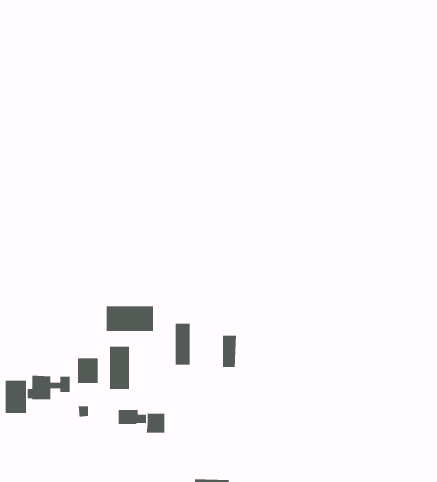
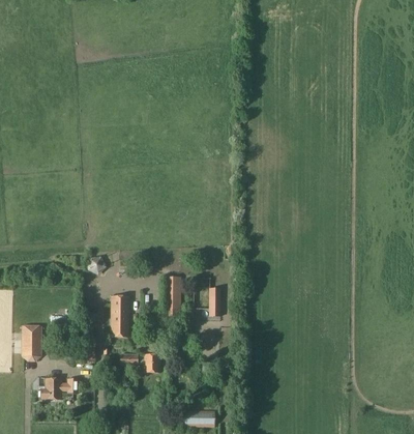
building: [106,306,154,332] -> none
building: [77,358,98,384] -> none
building: [27,375,70,400] -> [40,377,78,399]

